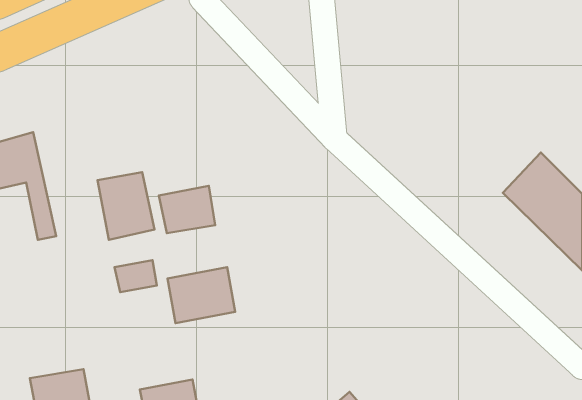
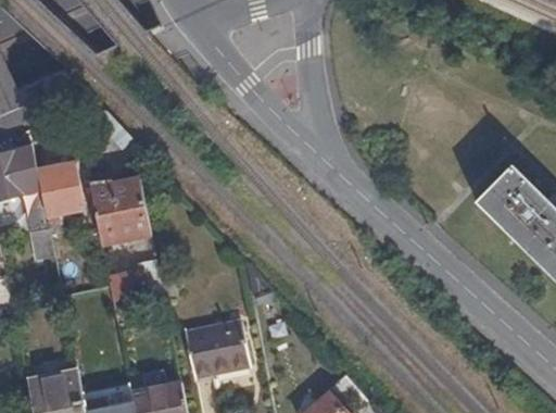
building: none -> [38,162,85,214]
building: [159,186,215,233] -> none
building: [168,267,235,323] -> [187,321,251,374]

